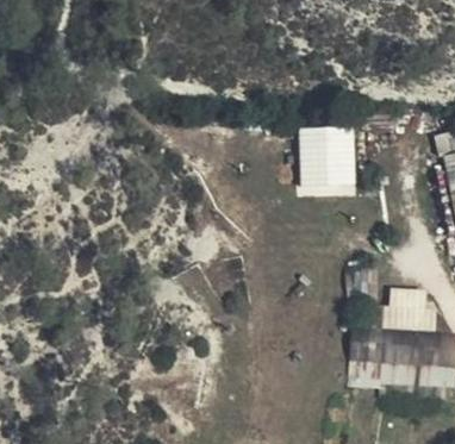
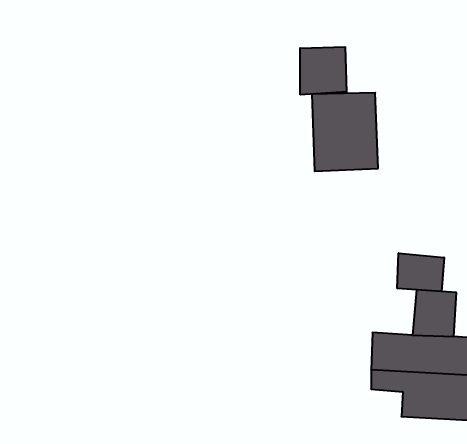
building: none -> [300,47,347,95]
building: none -> [397,253,444,291]

